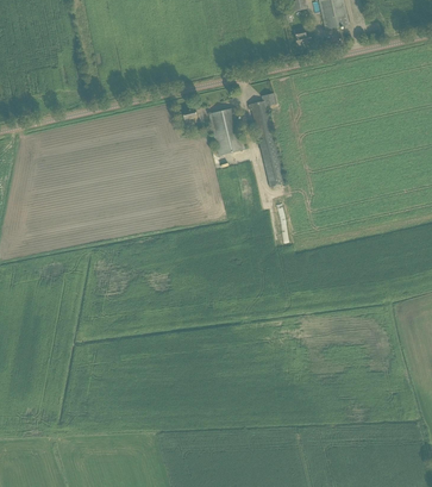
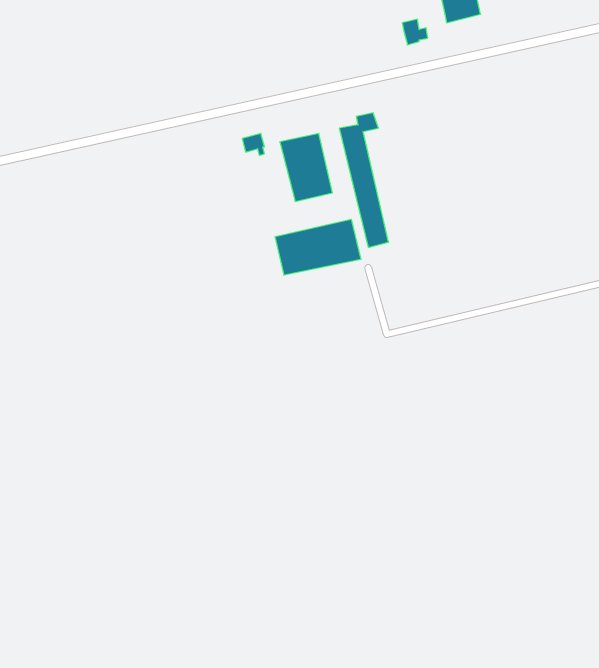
building: none -> [275,219,361,275]

